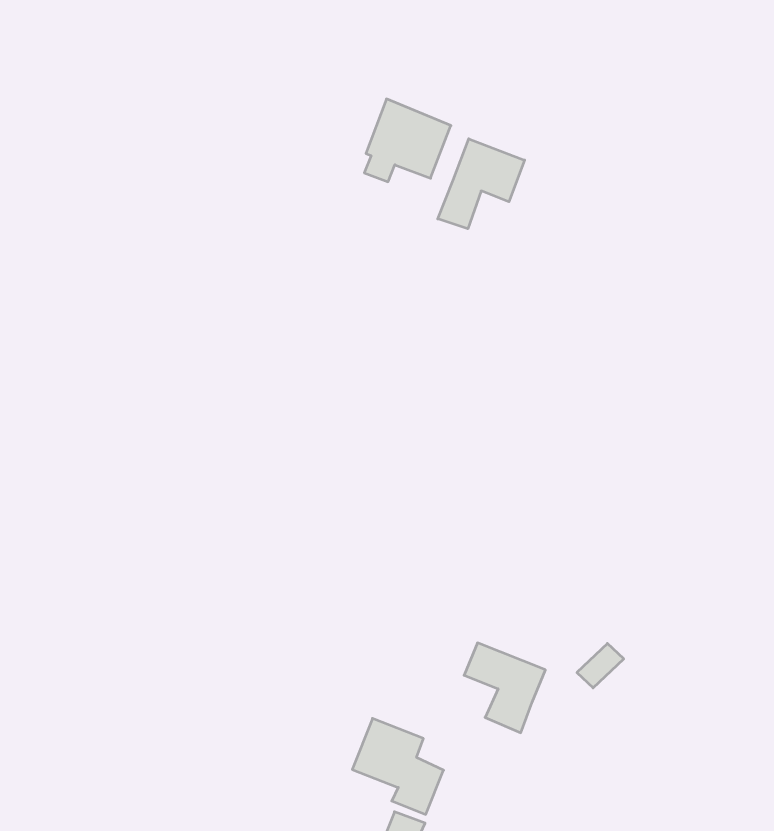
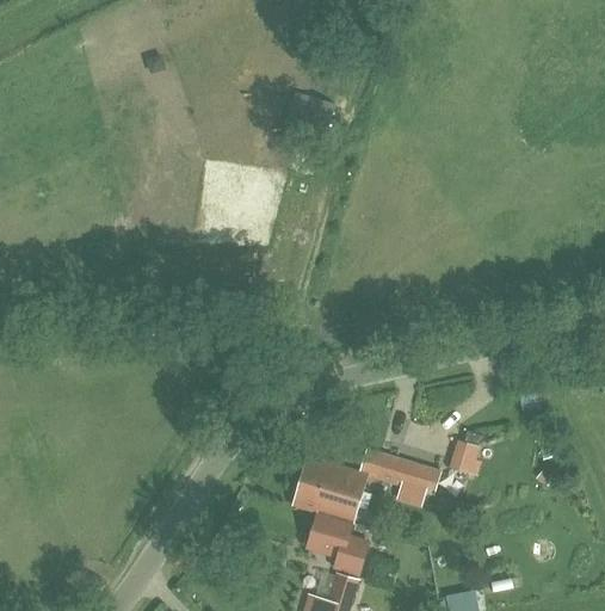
building: [438,139,525,229] -> none
building: none -> [292,456,368,521]

